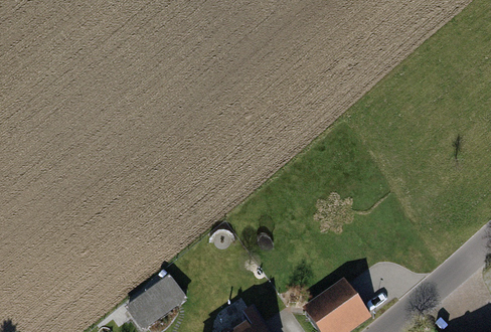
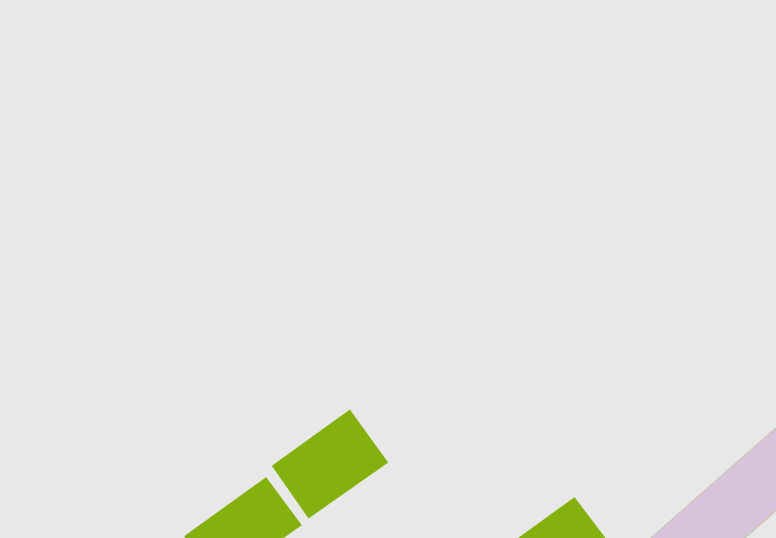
building: none -> [271,408,389,520]

